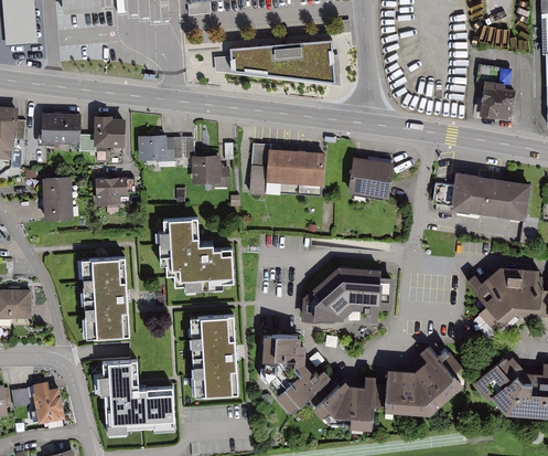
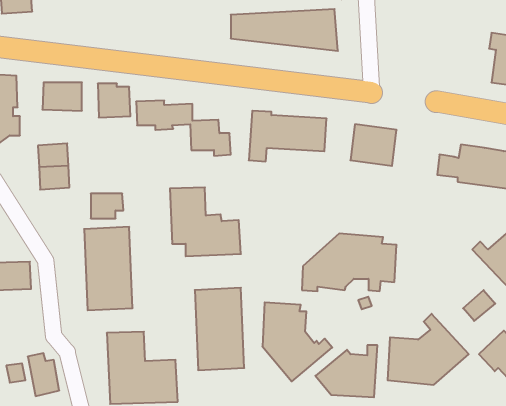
building: [100,180,132,204] -> [91,194,123,218]
building: none -> [463,290,495,321]

